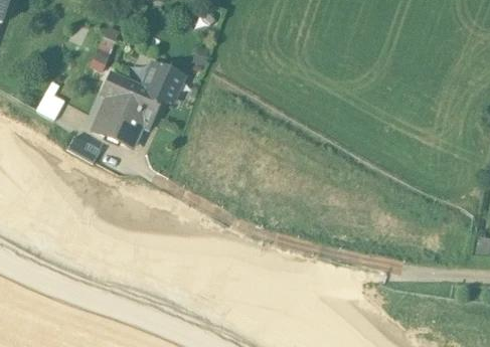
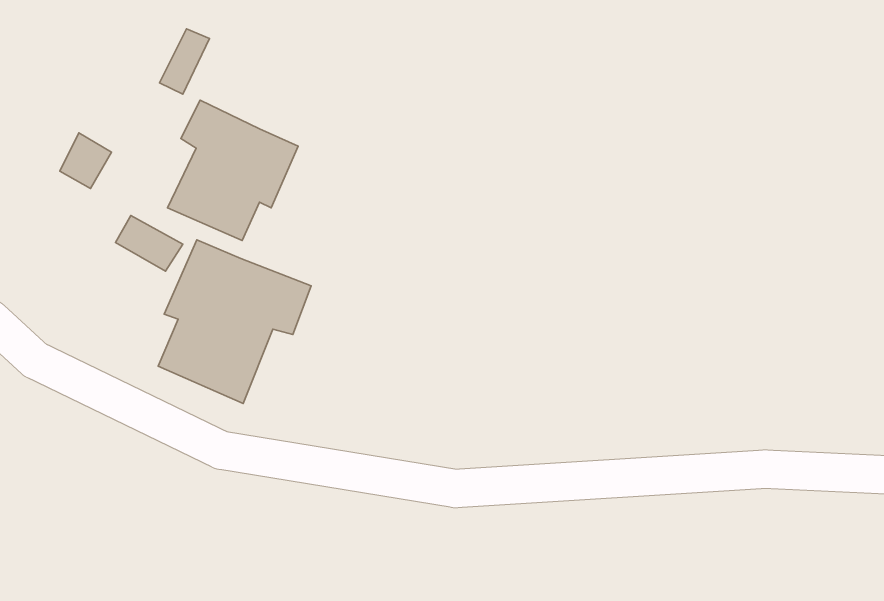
building: [142,61,182,101] -> none
building: none -> [158,240,311,404]

